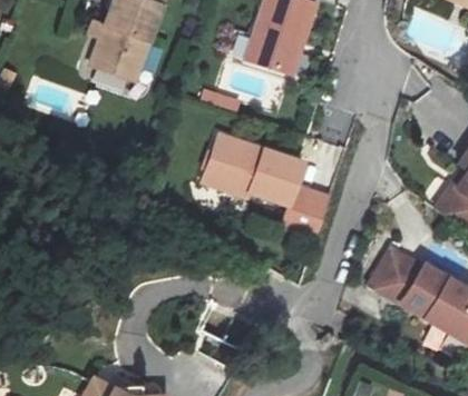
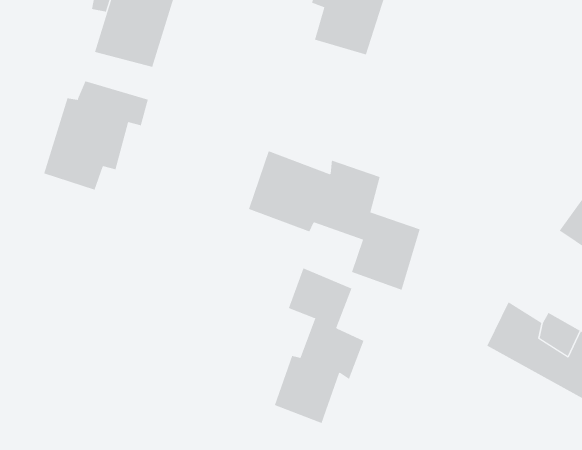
building: none -> [44,81,148,191]
building: none -> [274,267,364,424]

